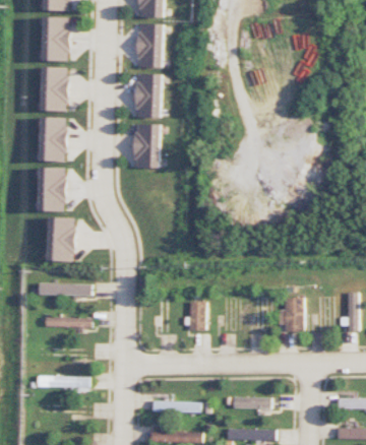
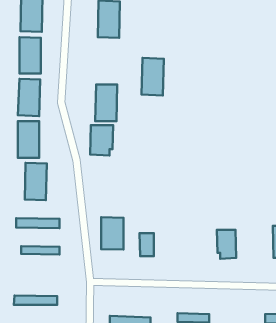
building: [133,73,160,118] -> [142,58,164,95]
building: none -> [90,125,113,155]
building: none -> [101,217,123,249]

